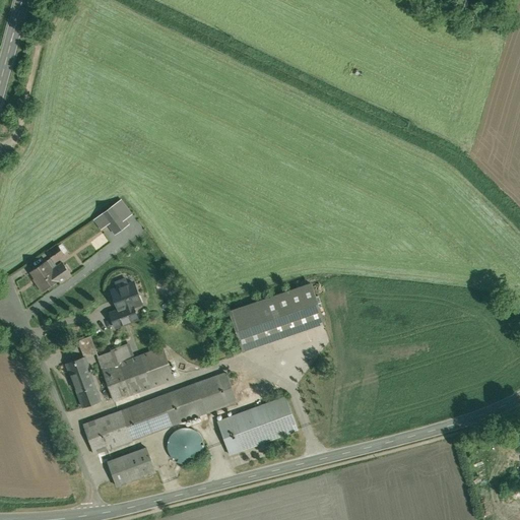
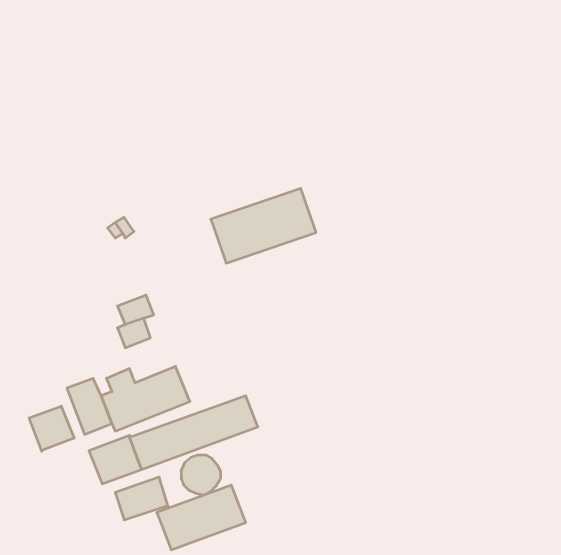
building: [28,243,70,291] -> none
building: [226,282,324,351] -> [211,188,316,263]
building: none -> [29,406,74,451]
building: [217,395,300,455] -> [157,485,246,550]

